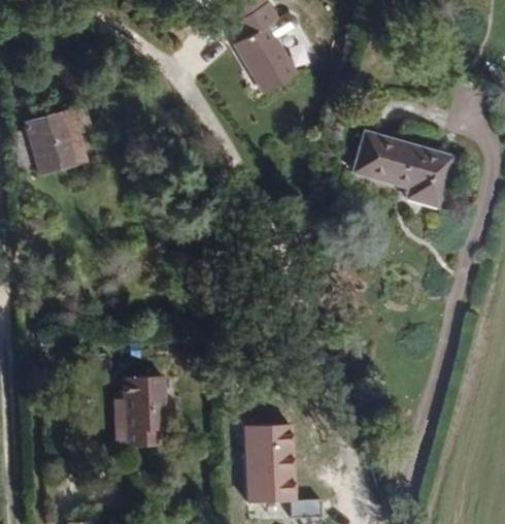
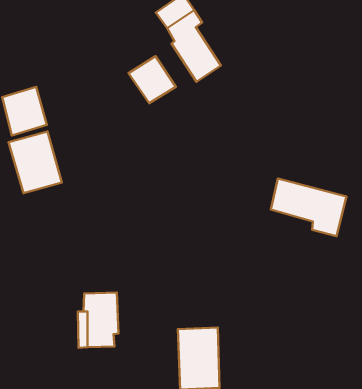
building: none -> [129,56,176,103]
building: [364,135,460,208] -> [271,178,346,236]
building: none -> [8,131,62,193]

